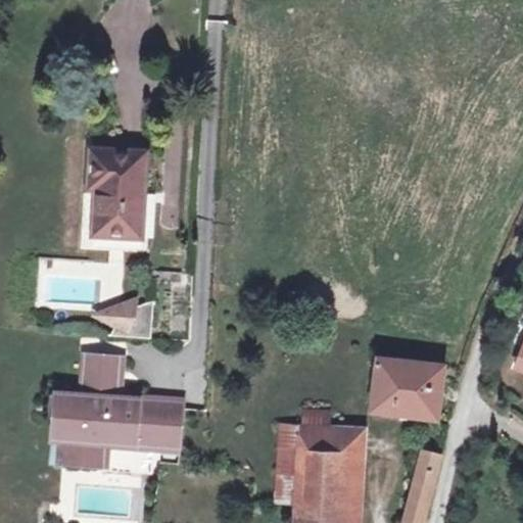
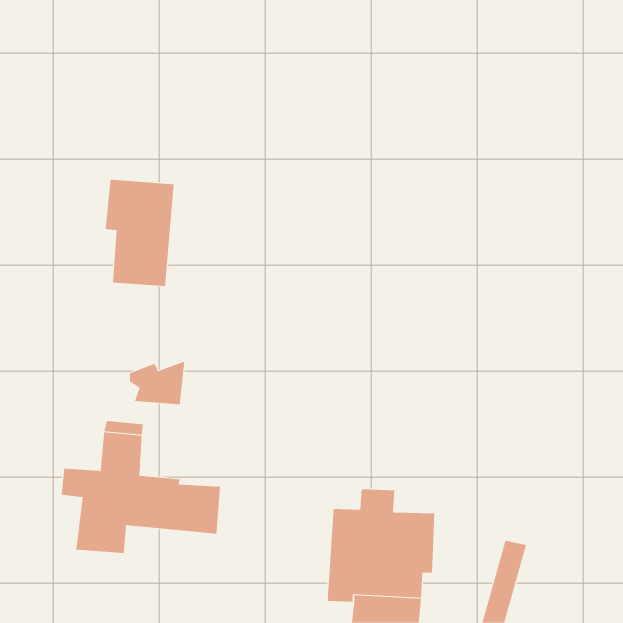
building: [372,358,444,418] -> none

